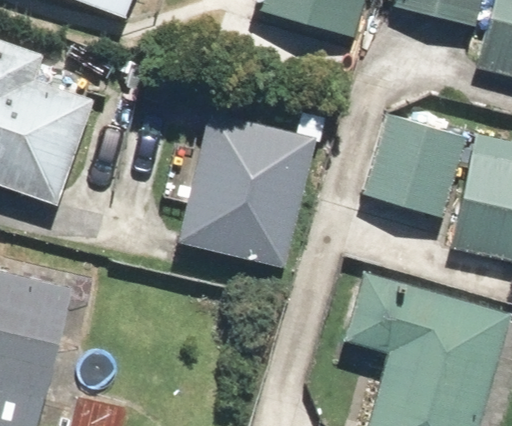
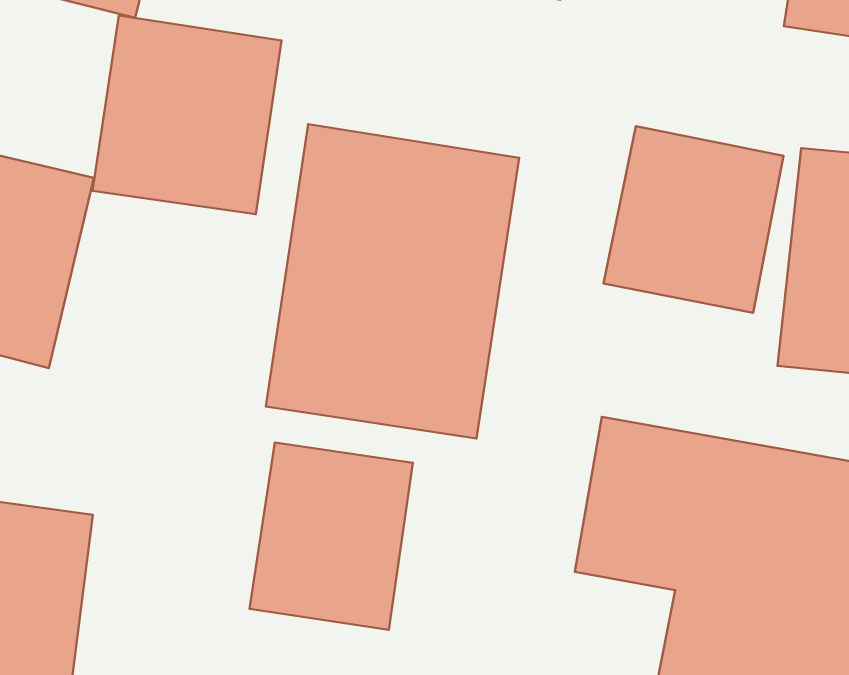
building: none -> [92,15,282,214]
building: none -> [249,443,413,630]

